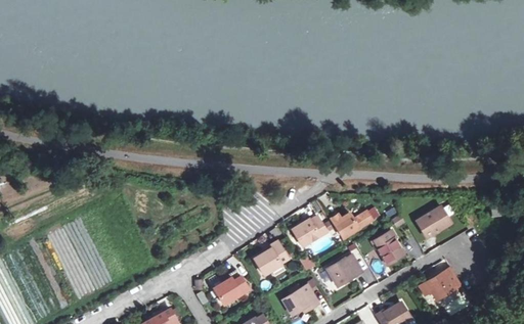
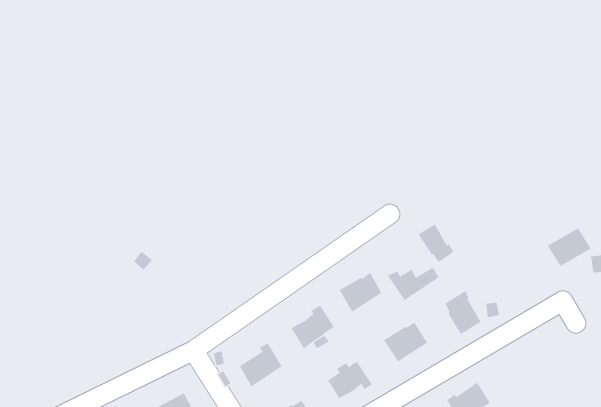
building: none -> [418,224,454,263]
building: [414,205,449,236] -> [547,227,591,267]
building: [424,267,460,298] -> none

